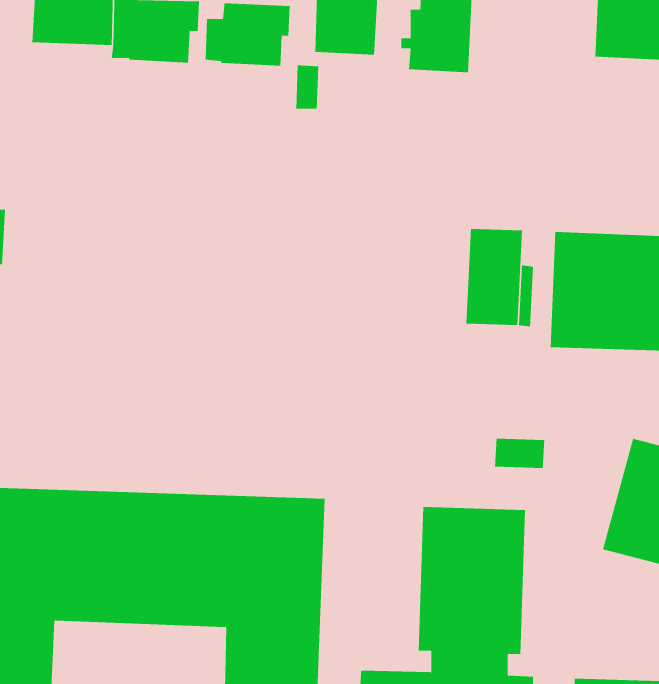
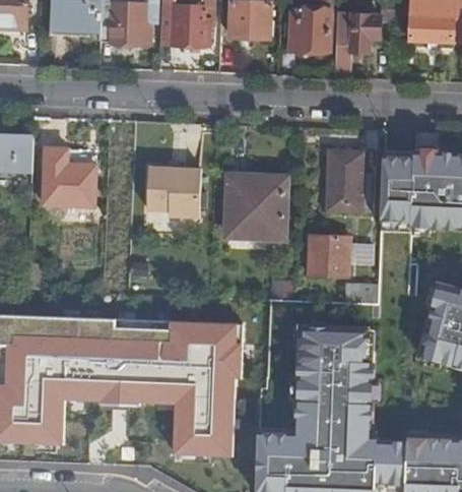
building: none -> [335,14,381,79]
building: none -> [43,148,96,207]
building: none -> [147,168,201,219]
building: none -> [226,178,286,239]
building: none -> [308,236,350,278]

